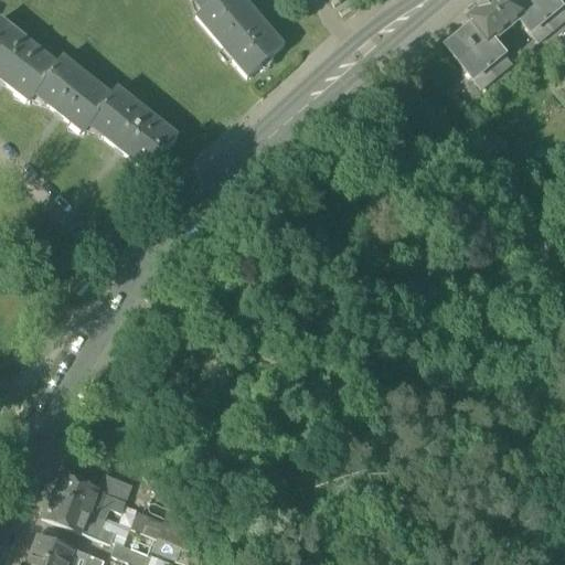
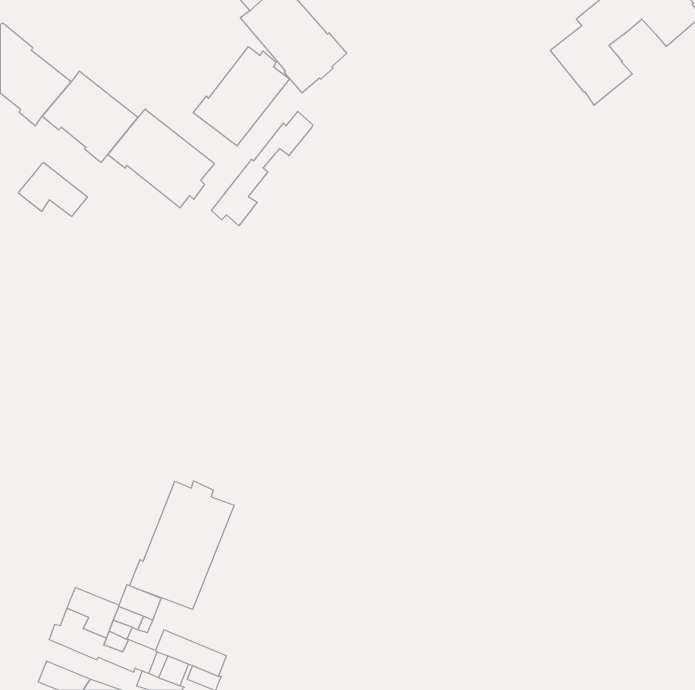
building: none -> [193,47,290,146]
building: none -> [212,111,313,226]
building: none -> [18,162,87,216]
building: none -> [129,481,234,609]

